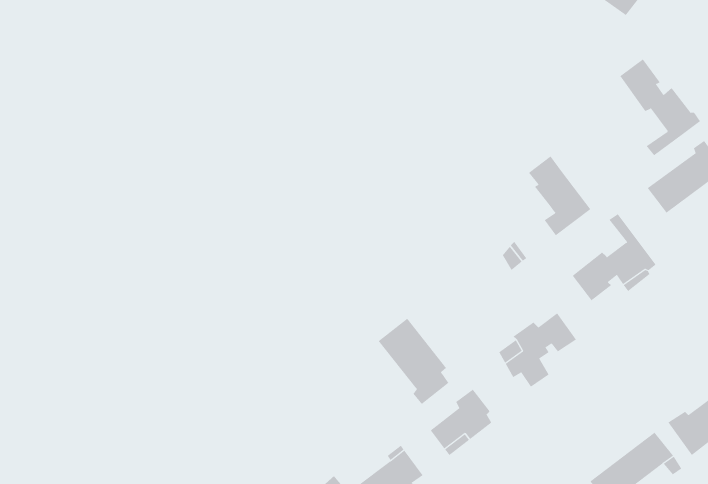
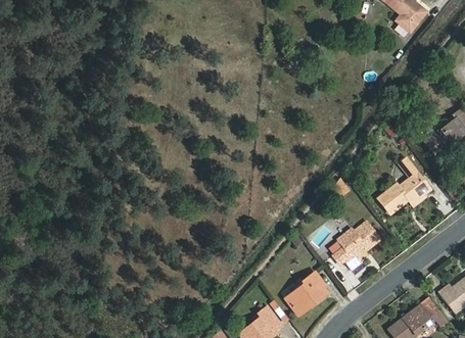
building: [619,58,701,156] -> none
building: [528,155,591,236] -> none
building: [378,318,449,405] -> none

